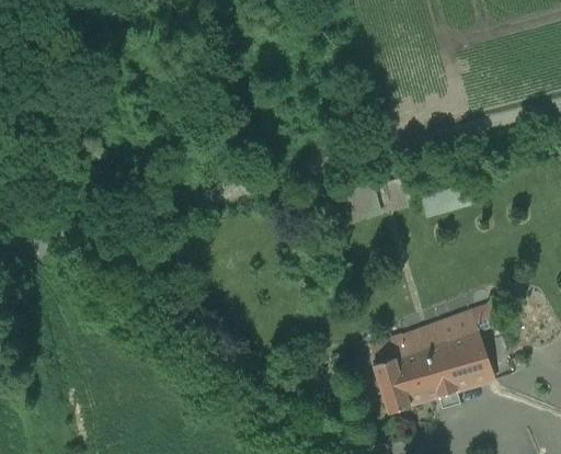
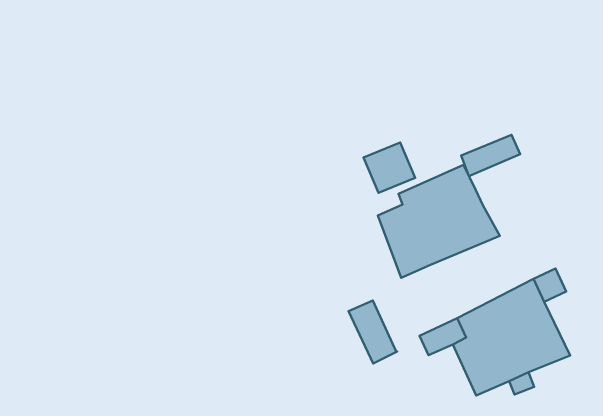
building: none -> [378,165,500,278]
building: [373,357,410,411] -> [348,300,397,364]

